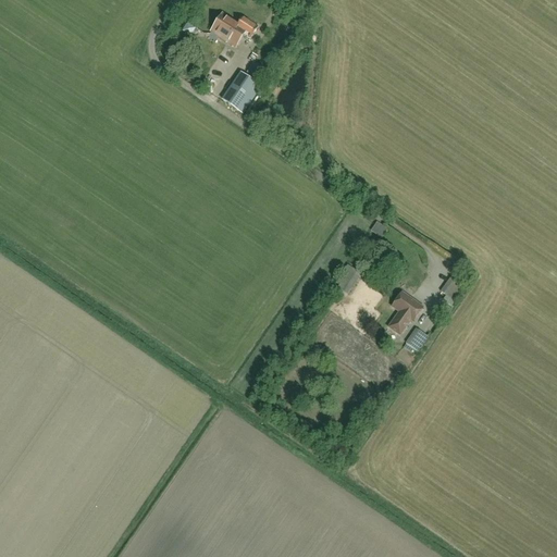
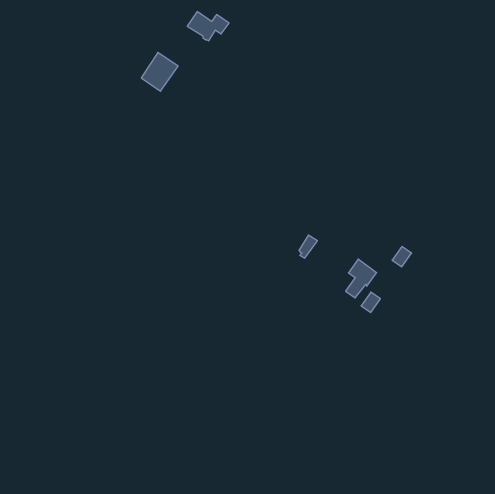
building: [220,70,261,113] -> [141,52,178,91]

